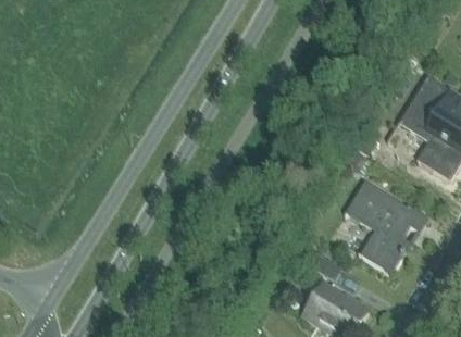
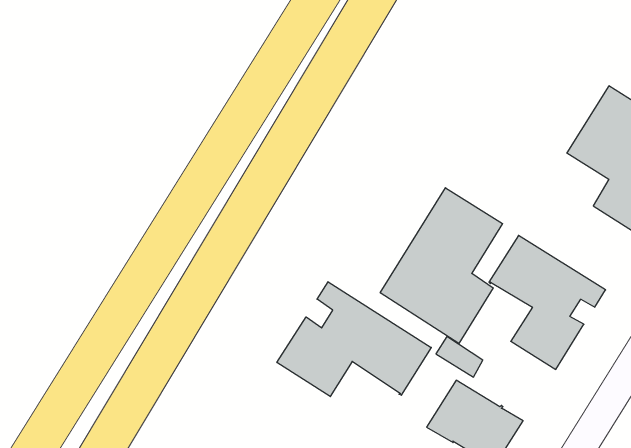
building: none -> [380,188,503,343]
building: none -> [277,282,431,397]

